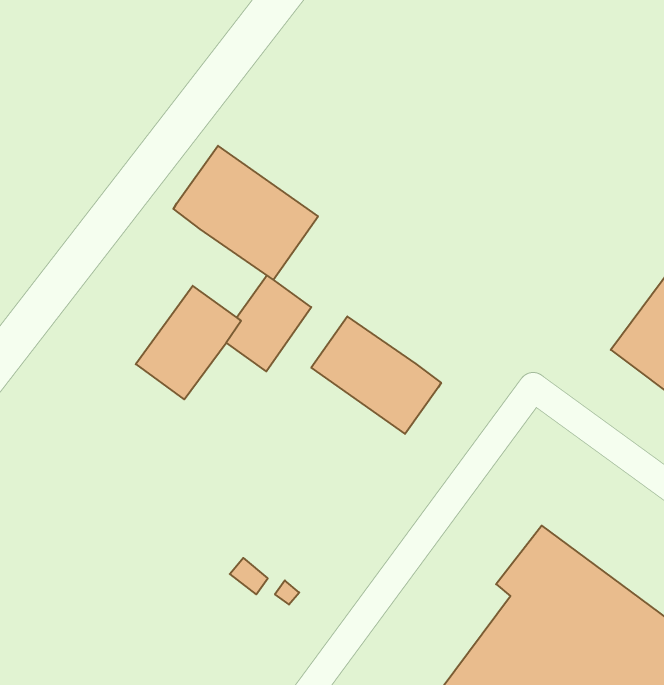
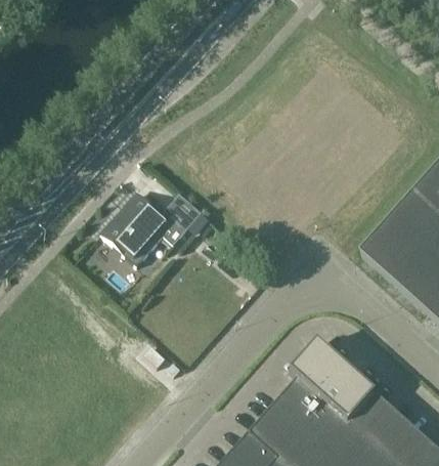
building: [173,146,318,280] -> none
building: [311,316,441,434] -> none

